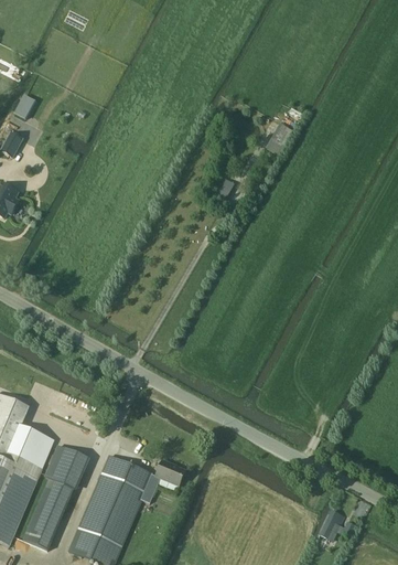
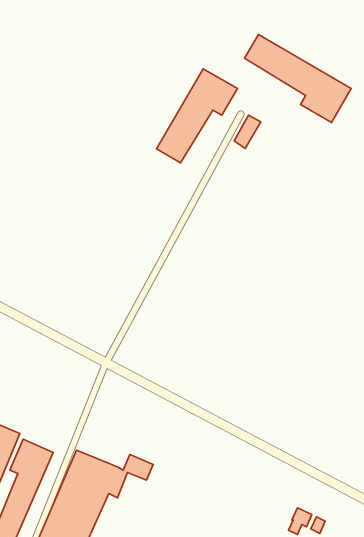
building: none -> [244,35,351,123]
building: none -> [157,69,238,163]

